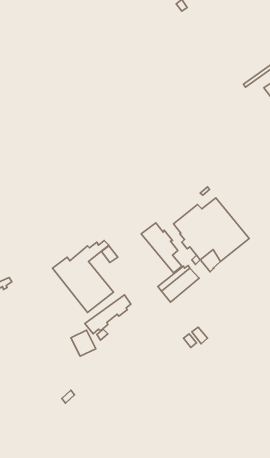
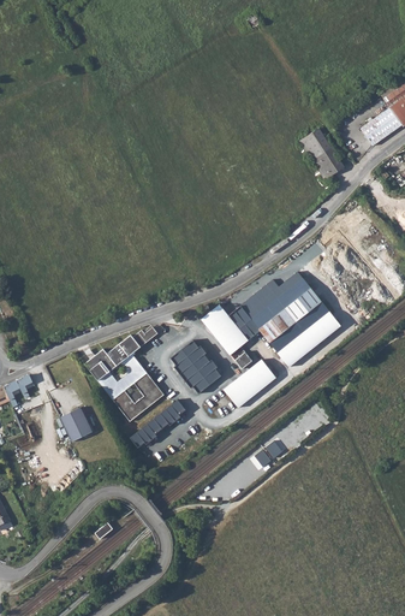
building: none -> [299,128,344,183]
building: none -> [171,339,221,392]
building: [71,330,96,356] -> [60,407,93,440]

